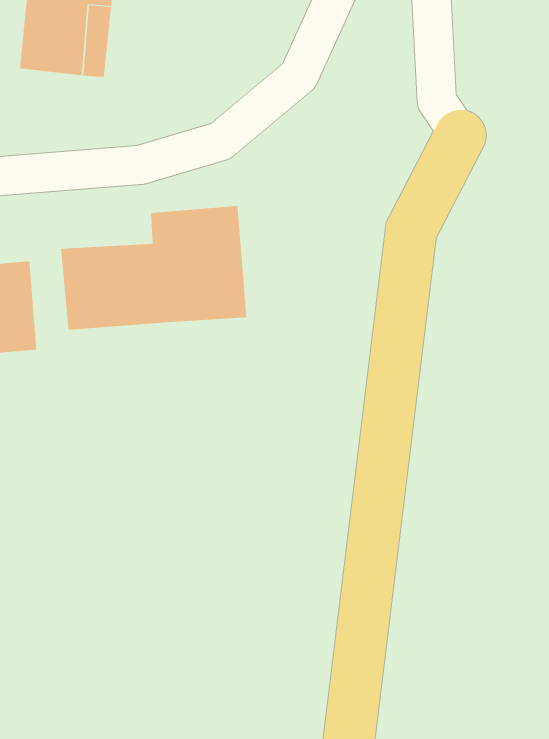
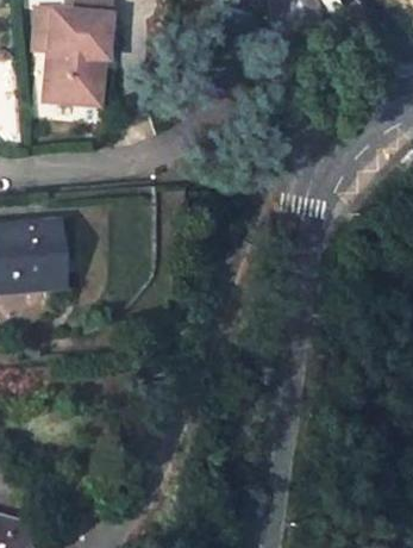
building: [60,205,247,330] -> none

